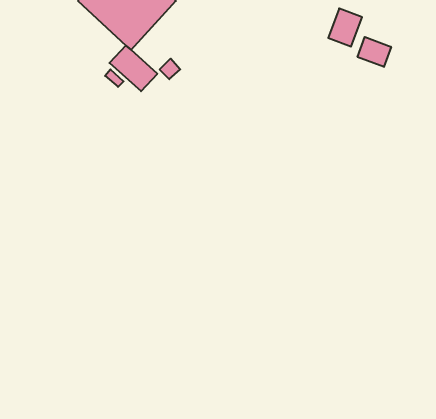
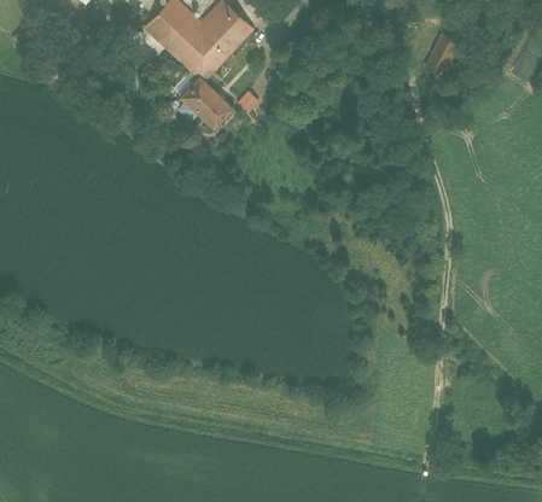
building: [358,37,391,67] -> none

